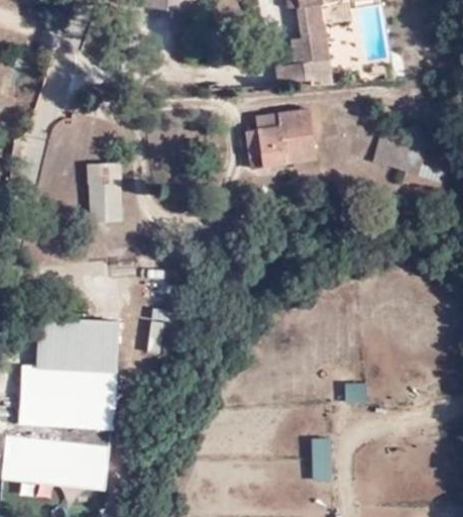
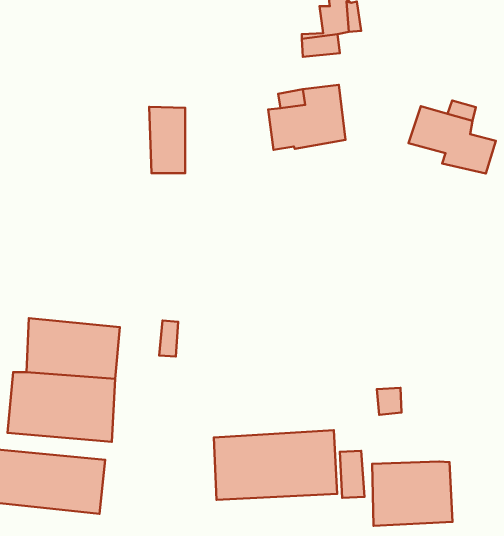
building: [91,162,123,221] -> [149,107,185,173]
building: none -> [214,430,337,500]
building: none -> [372,461,453,526]

